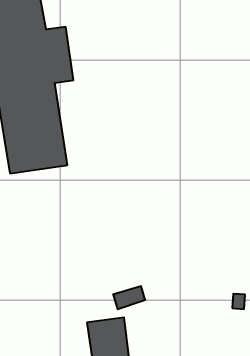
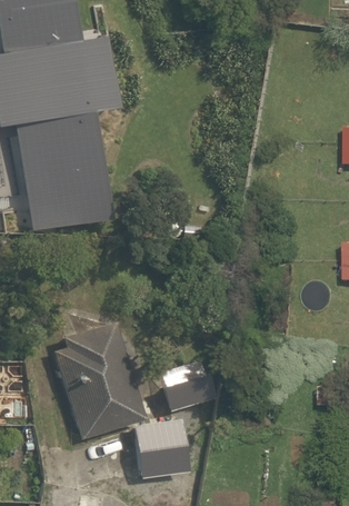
building: none -> [54,323,146,439]

